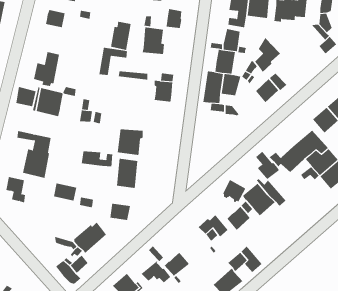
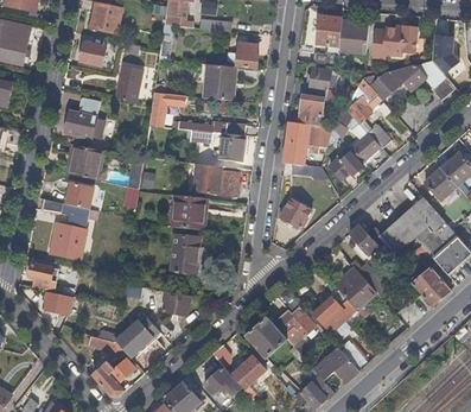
building: [110,21,131,51] -> [115,64,142,102]
building: none -> [370,65,422,99]
building: [15,87,37,107] -> [65,182,93,208]
building: none -> [330,146,363,179]
building: none -> [195,164,240,197]
building: [81,151,113,167] -> none
building: [222,179,246,203] -> [279,199,310,230]
building: [53,183,77,201] -> [43,291,74,315]
building: none -> [413,267,451,306]
building: none -> [247,316,288,357]

